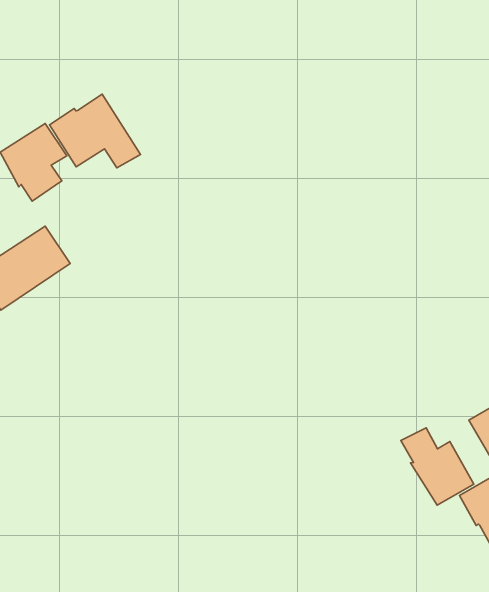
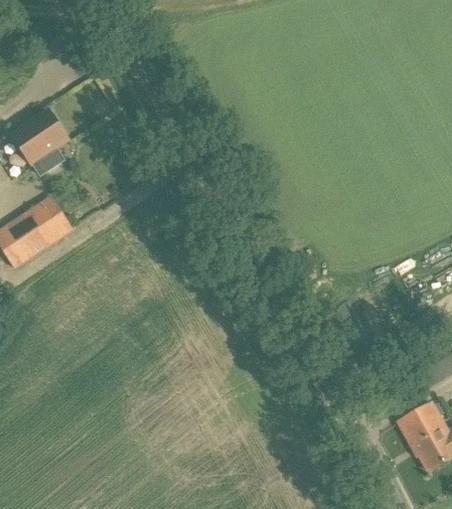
building: [49,94,140,168] -> none
building: [401,428,474,505] -> none

